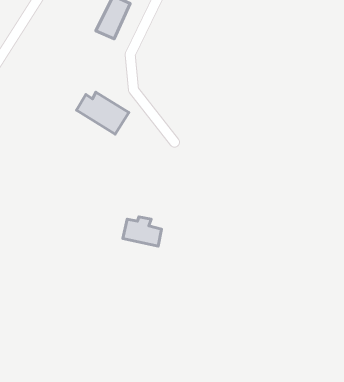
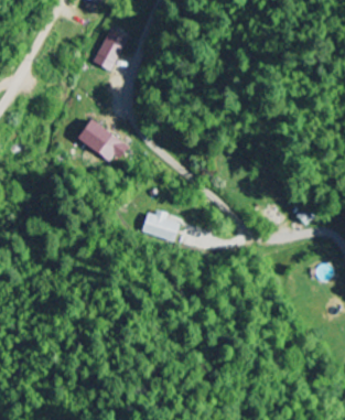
building: [123,217,161,246] -> [140,211,177,239]

